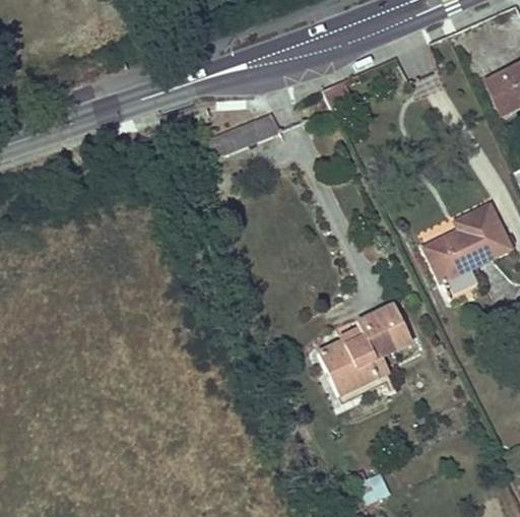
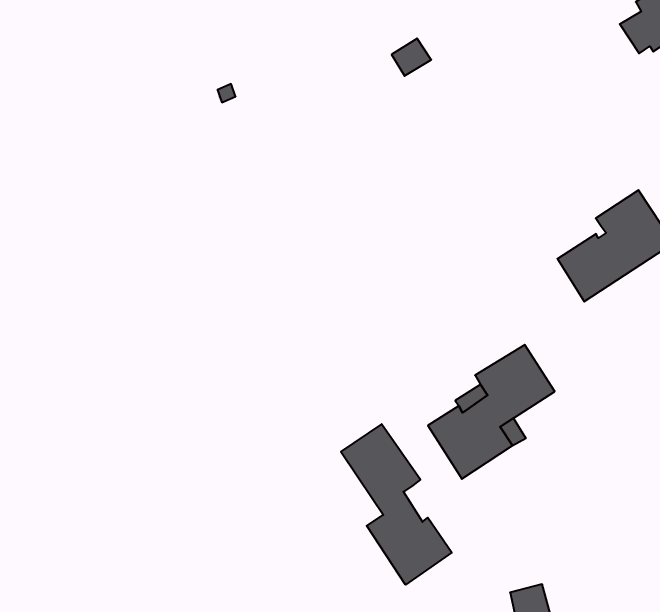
building: [210,116,280,153] -> none
building: none -> [341,424,452,585]

